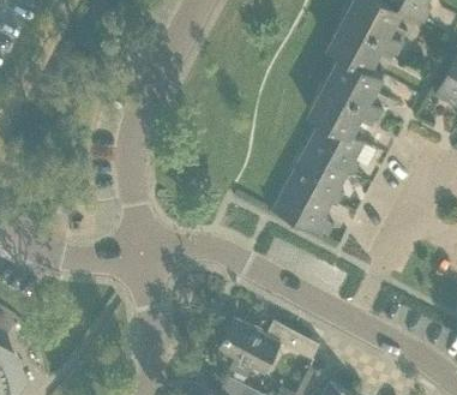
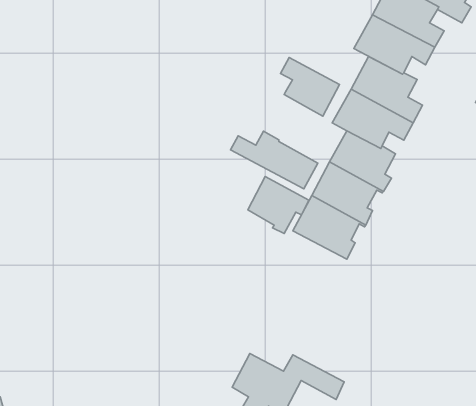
building: none -> [280,57,339,116]
building: none -> [231,131,318,189]
building: none -> [248,177,309,233]

